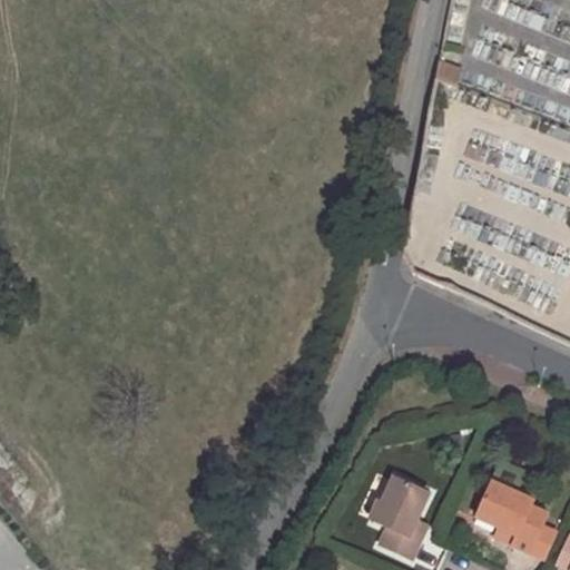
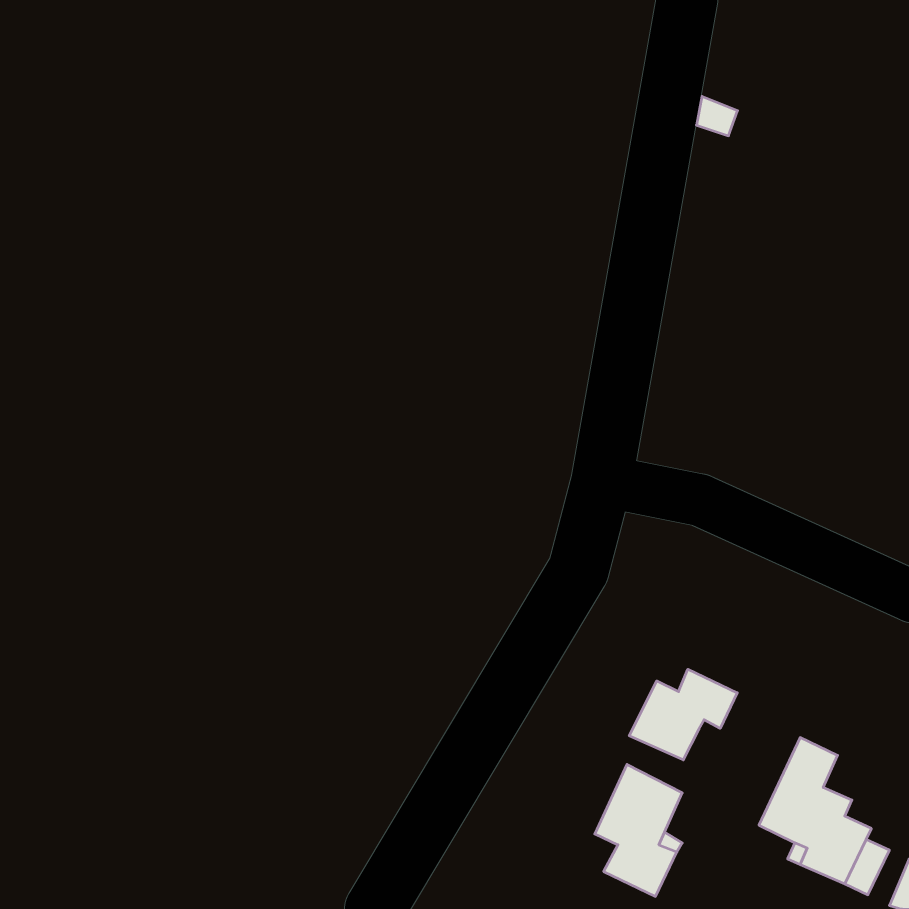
building: none -> [629,669,737,760]

